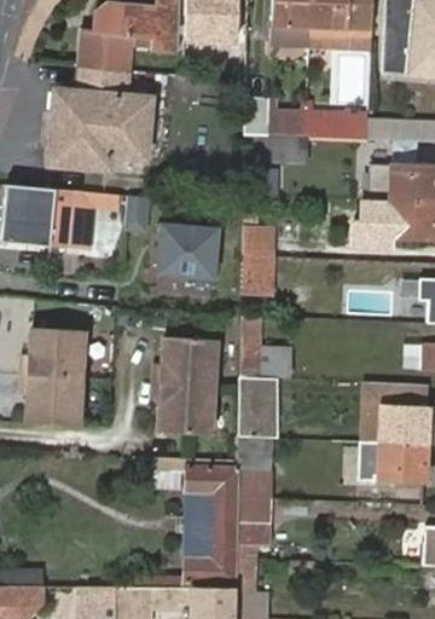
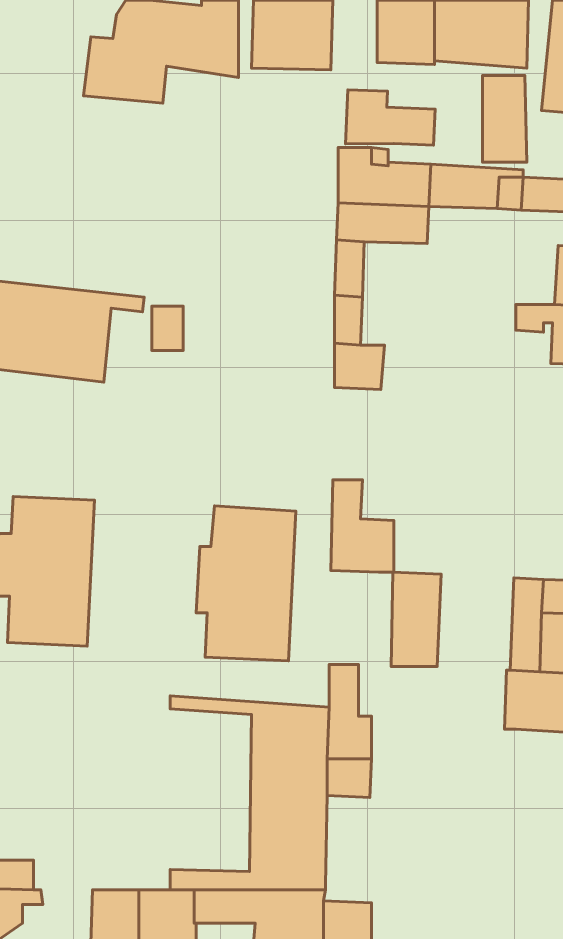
building: none -> [346,90,435,145]
building: [52,65,155,172] -> none
building: [160,222,224,282] -> none
building: [243,256,274,295] -> none
building: [240,376,273,438] -> [391,572,441,666]

